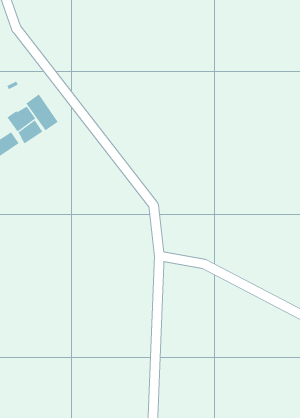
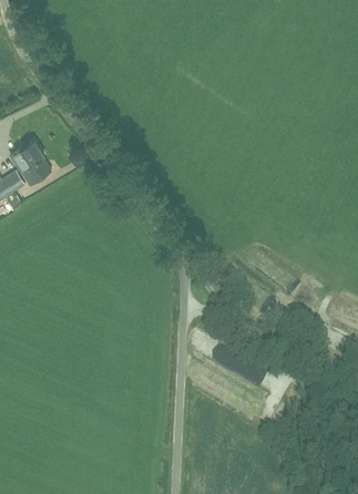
building: [25,93,59,131] -> none

